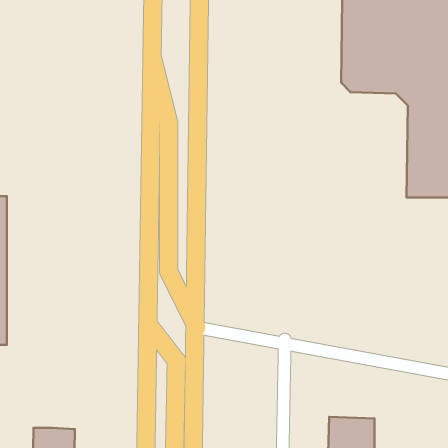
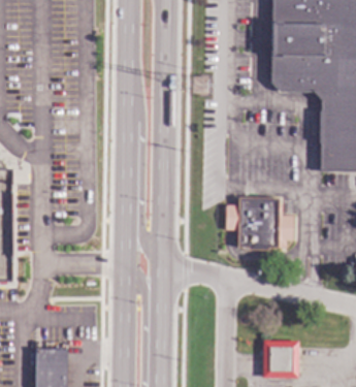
building: none -> [225,196,293,247]

